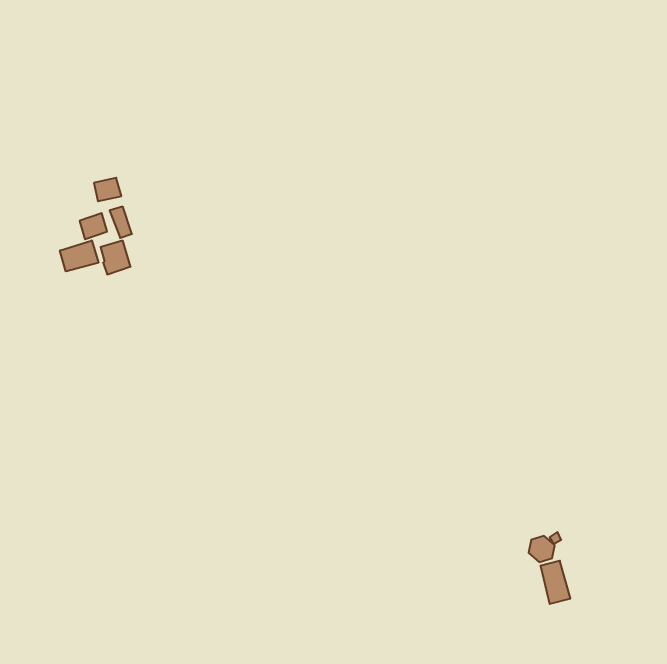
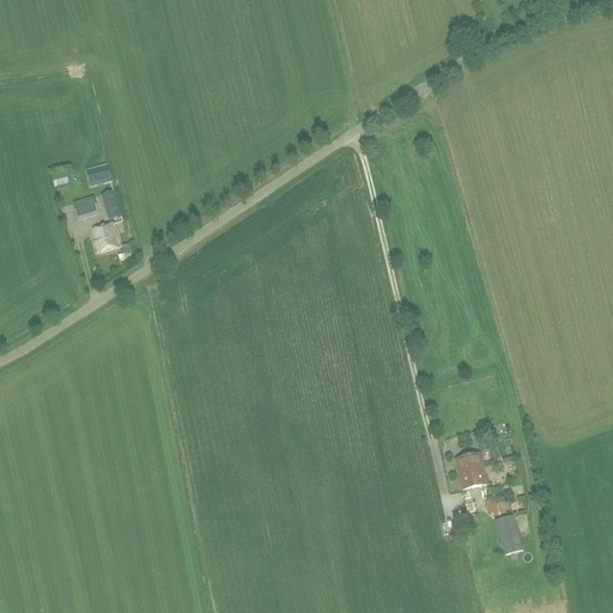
building: [60,240,98,271] -> none
building: none -> [456,451,487,488]

